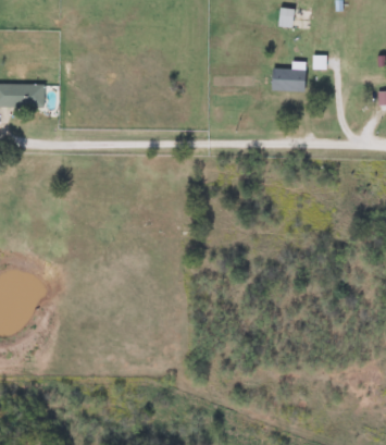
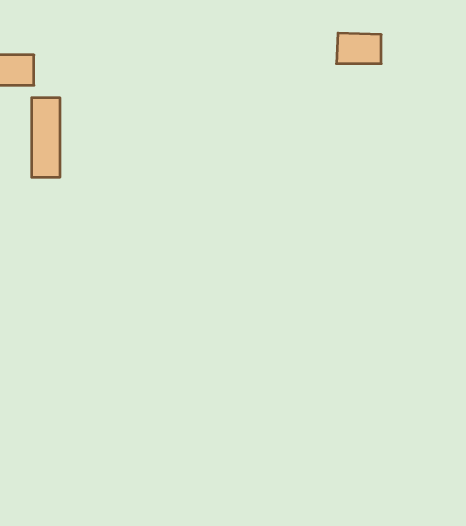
building: none -> [32,98,60,177]

